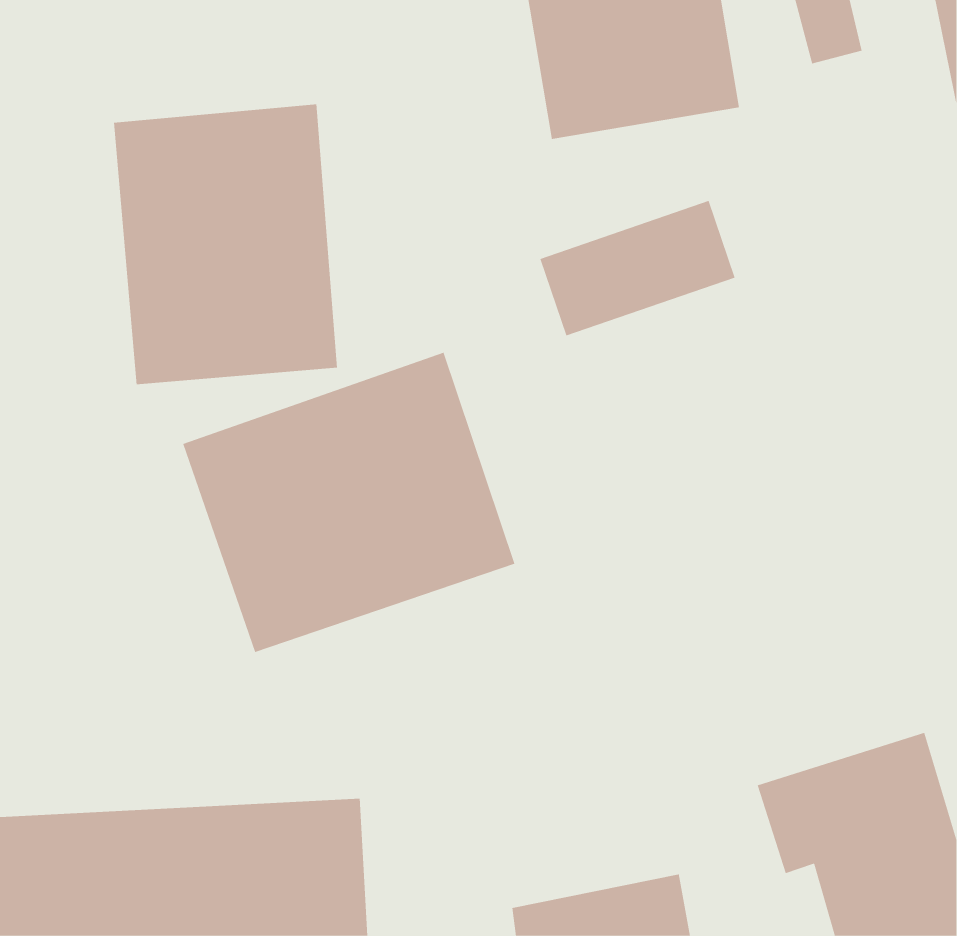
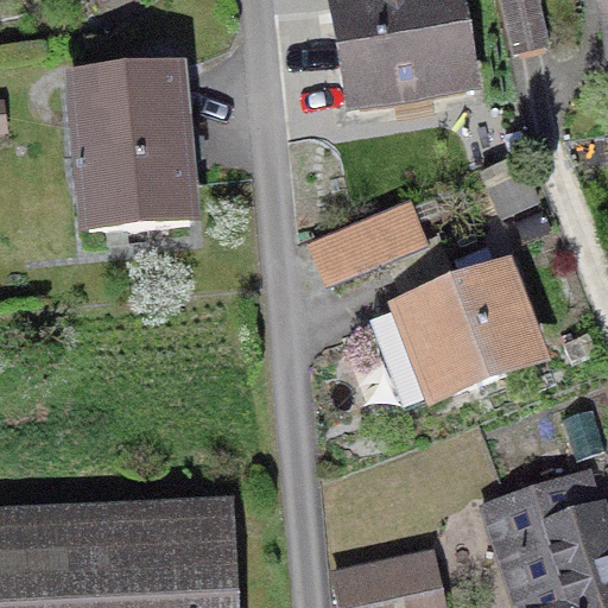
building: [539,200,736,336] -> [303,201,426,286]
building: [183,352,515,653] -> none
building: none -> [384,271,545,410]

